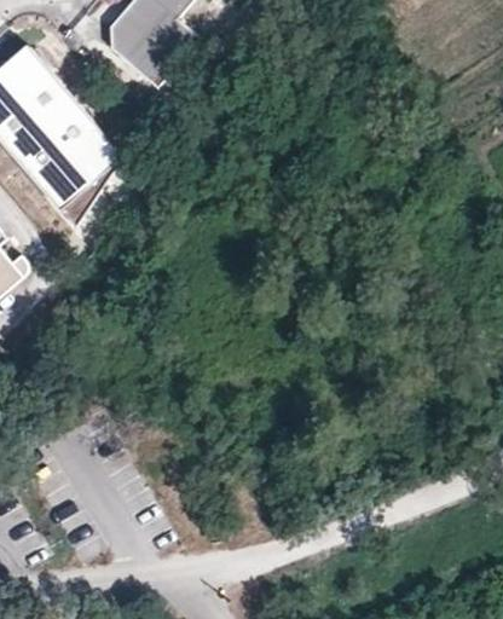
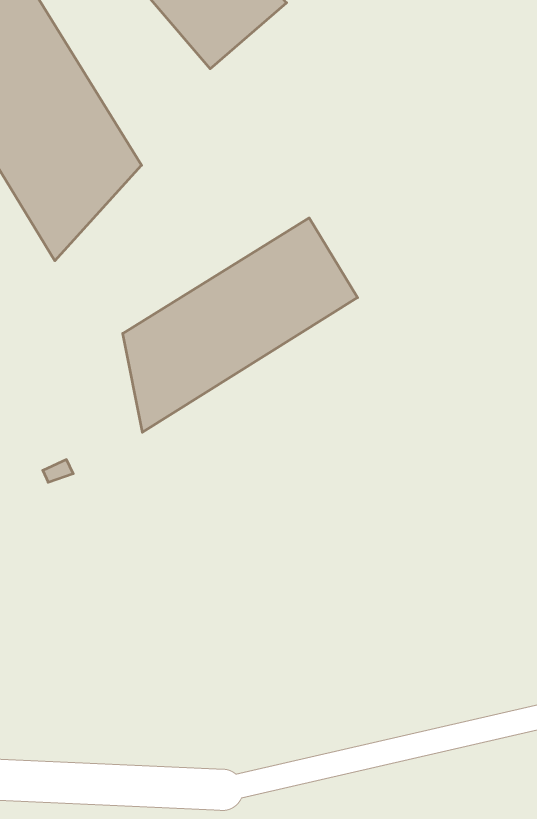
building: none -> [123,218,358,432]

